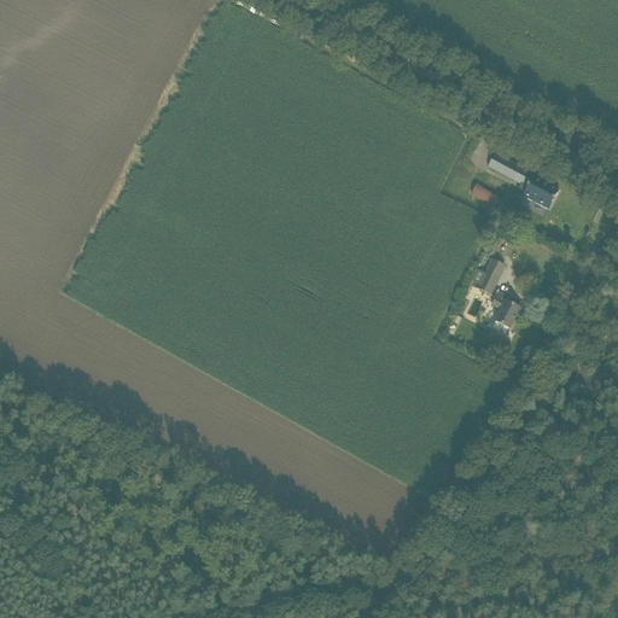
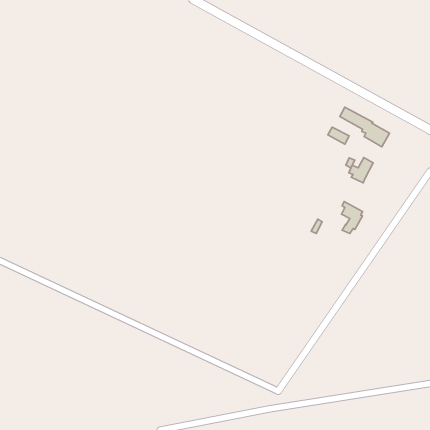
building: [470,258,505,295] -> [349,158,373,183]

